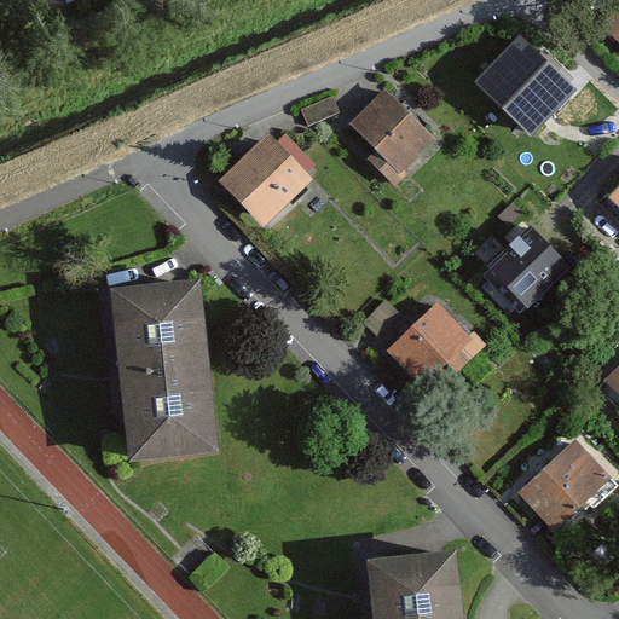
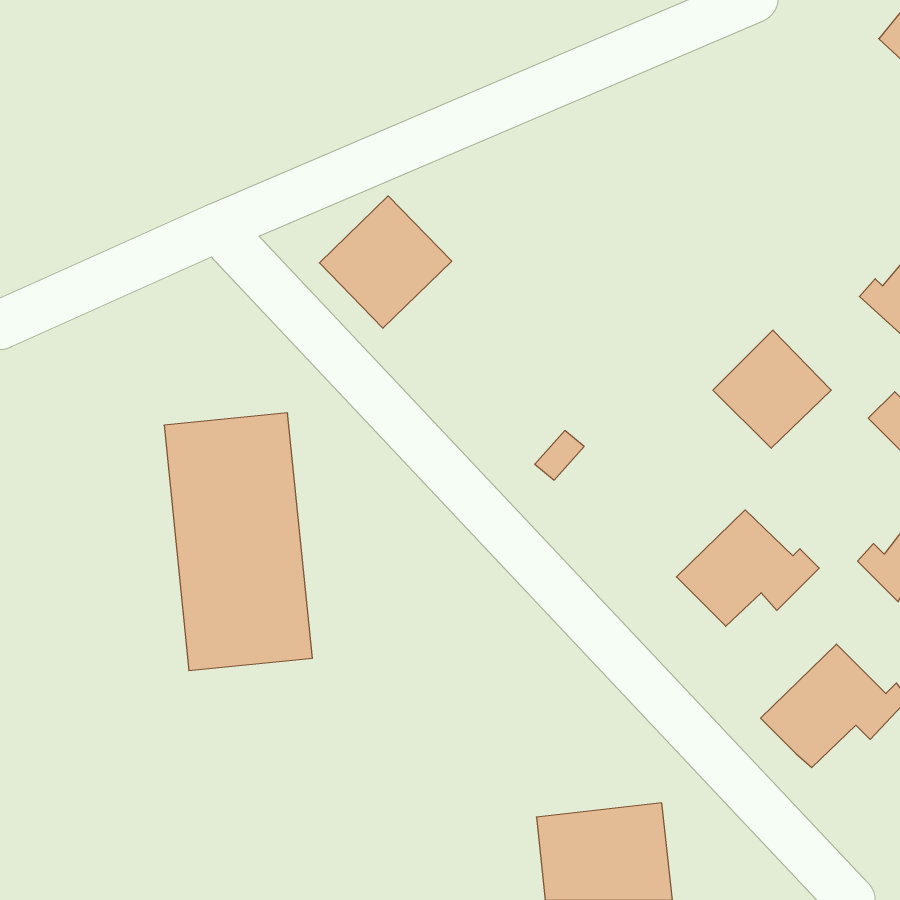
building: [478,39,572,132] -> none
building: [351,91,432,185] -> none
building: [388,305,486,384] -> [676,510,819,626]

